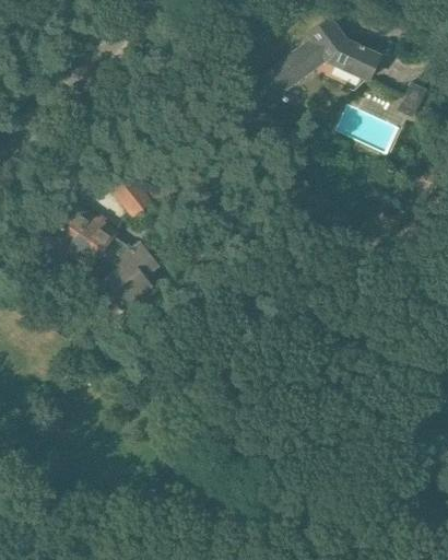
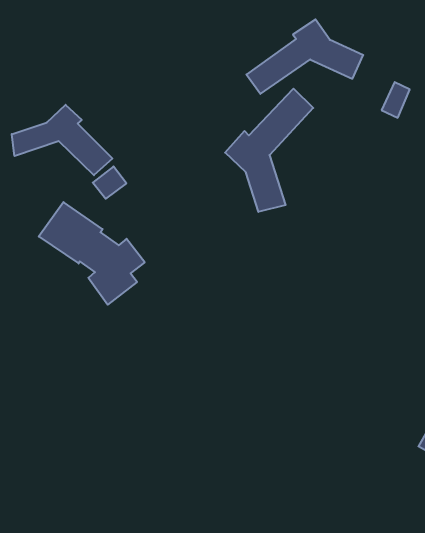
building: none -> [225,89,313,212]
building: none -> [12,105,112,175]

